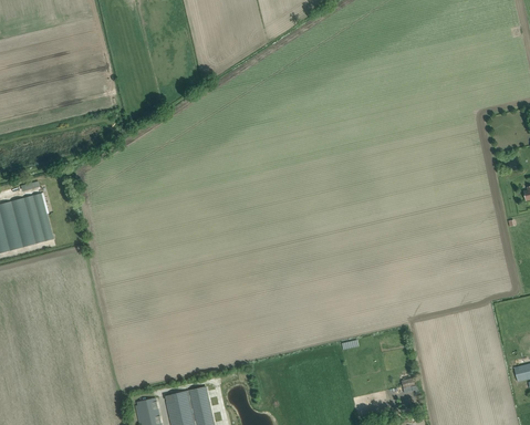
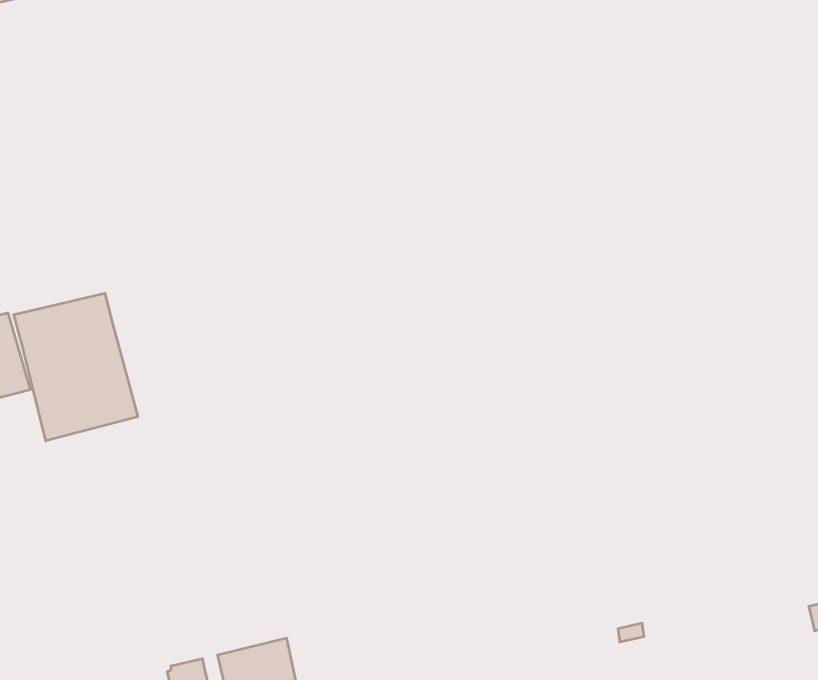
building: none -> [14,293,138,441]

